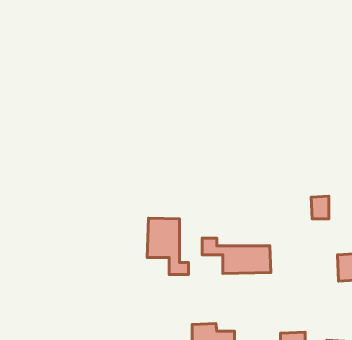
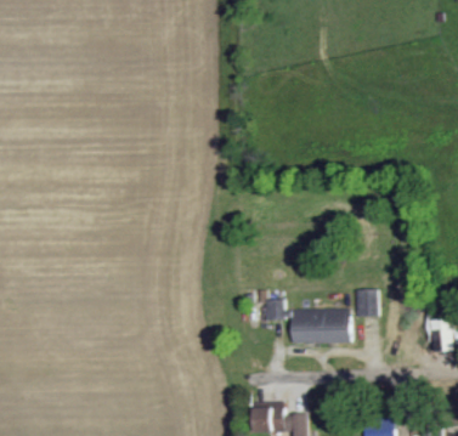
building: [311,196,329,219] -> [356,289,378,317]
building: [147,218,189,275] -> none

